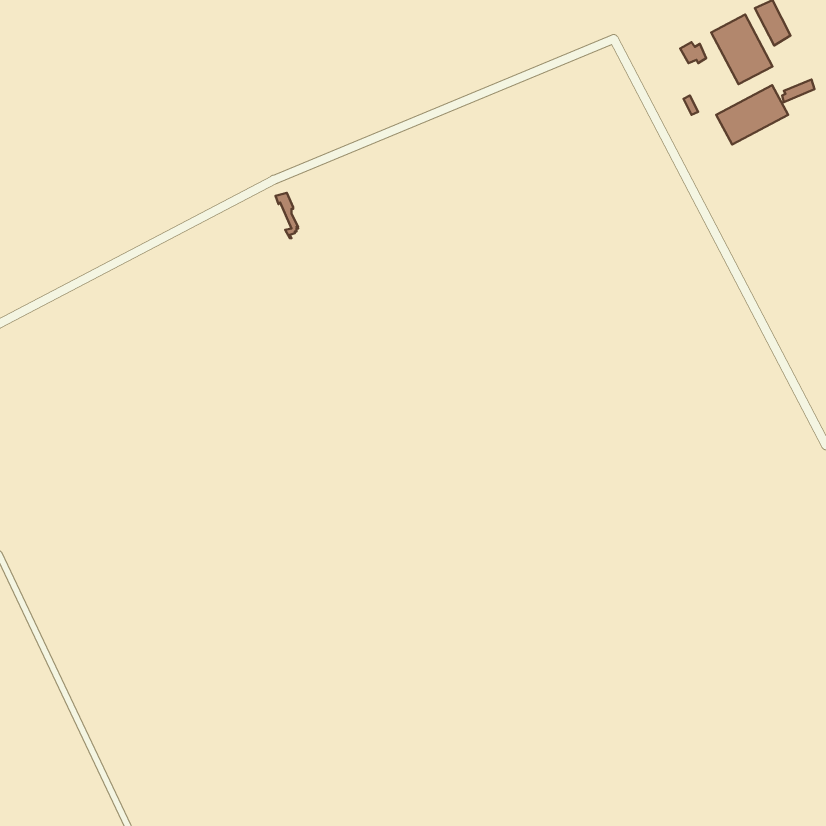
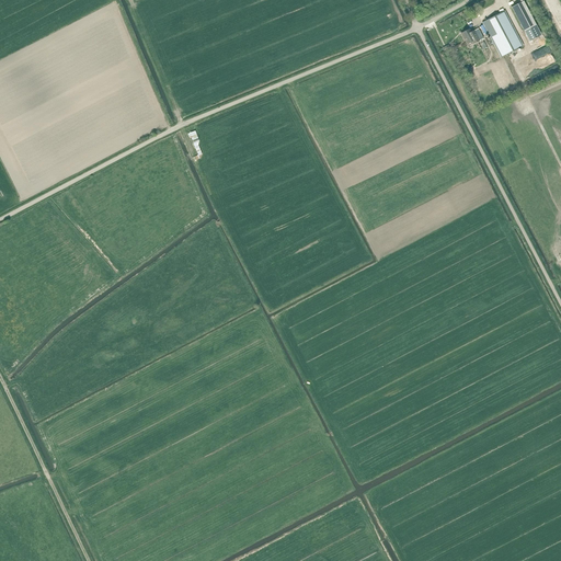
building: [716,85,788,144] -> none

